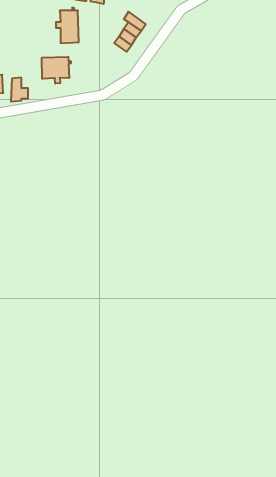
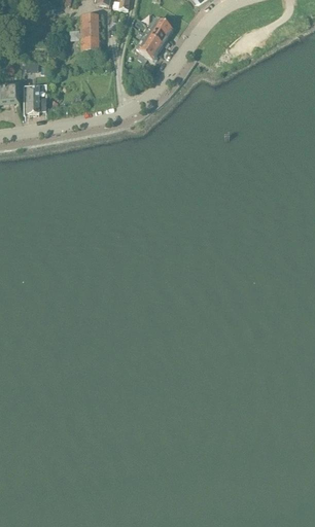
building: [42,57,71,84] -> none

